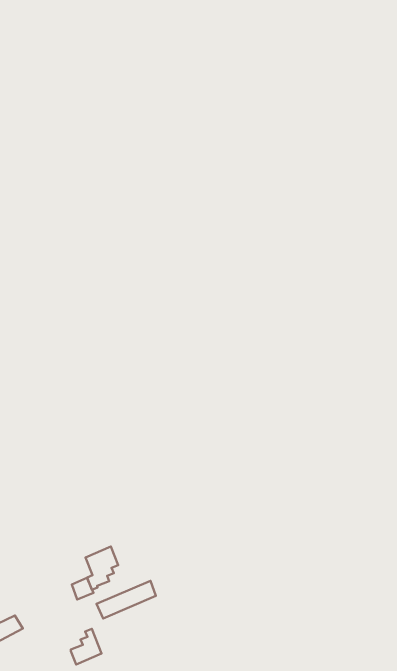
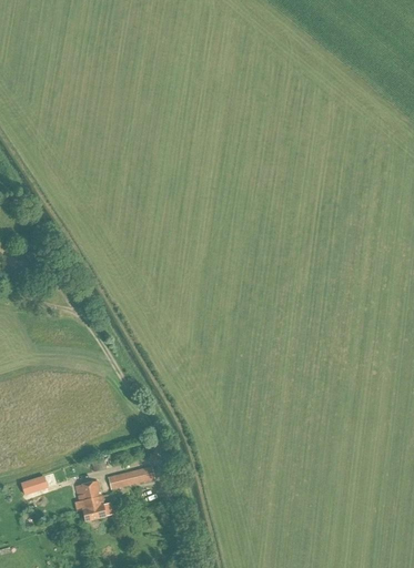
building: [85,546,118,590] -> [74,480,100,511]

